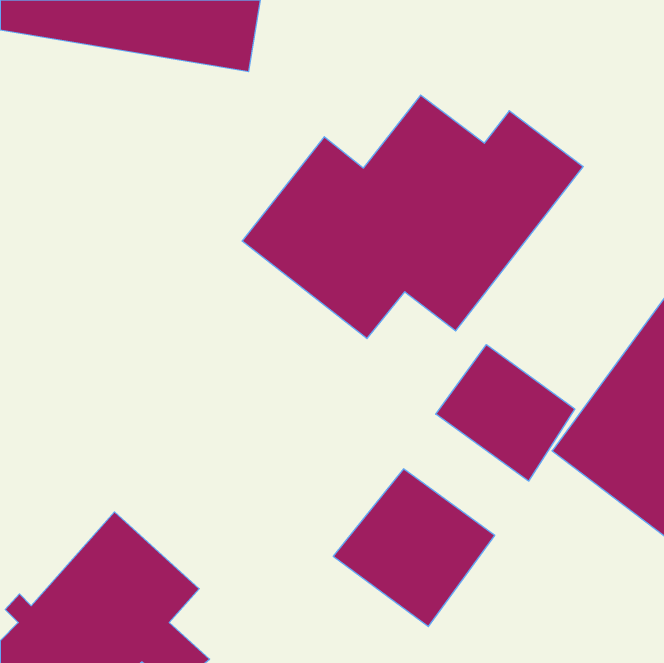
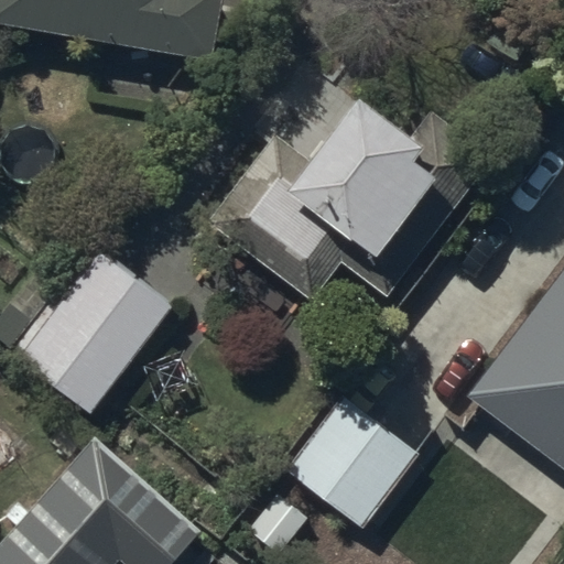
building: none -> [17,251,174,416]
building: [436,345,575,481] -> none

